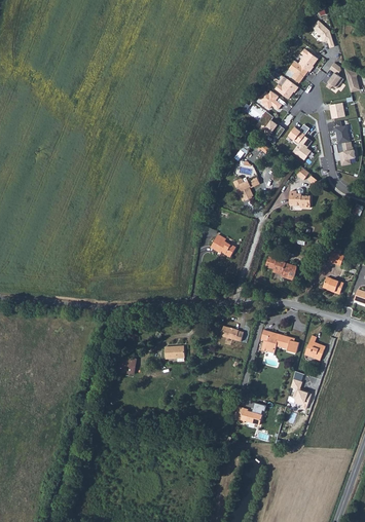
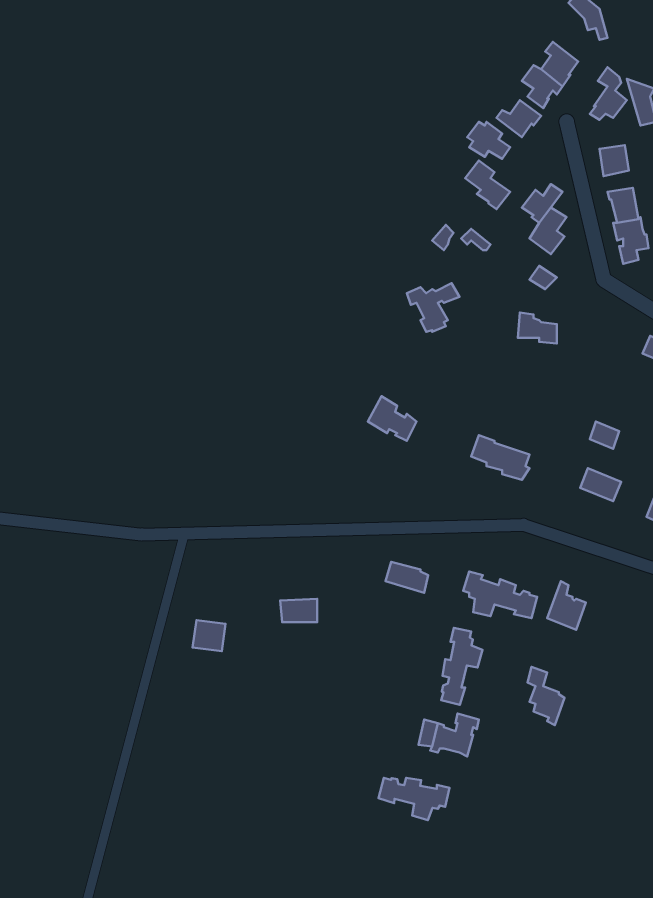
building: none -> [441,628,483,705]
building: none -> [379,778,450,820]

